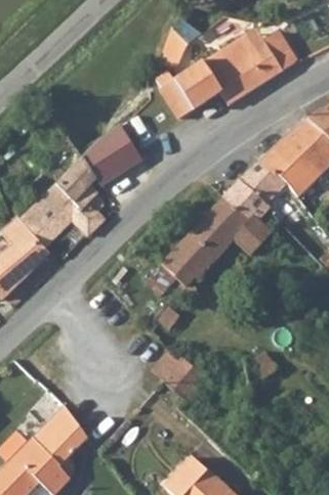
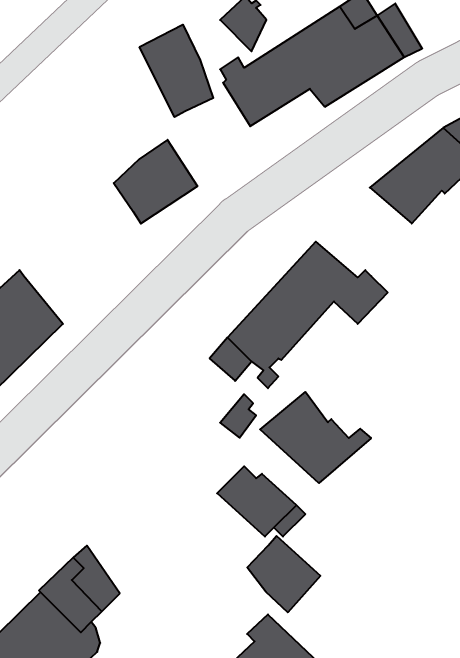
building: none -> [140,25,213,117]
building: [22,158,104,249] -> none
building: [221,161,287,222] -> none
building: none -> [260,392,371,483]
building: none -> [247,536,320,612]

